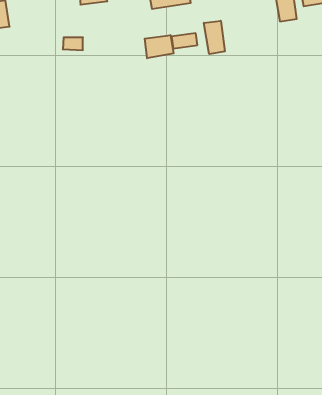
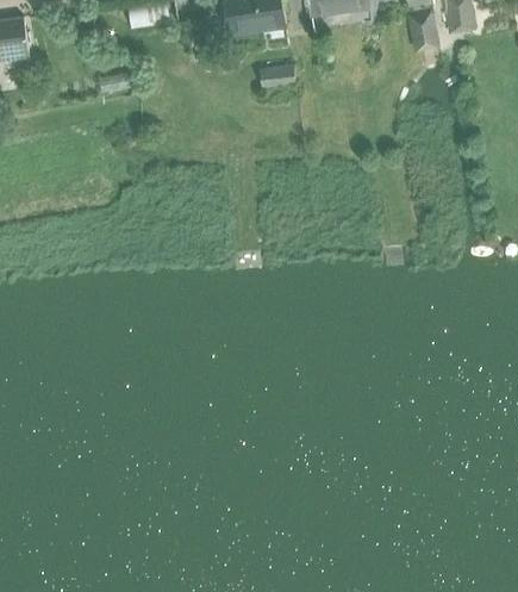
building: [204,21,225,54] -> none
building: [145,35,174,58] -> none

